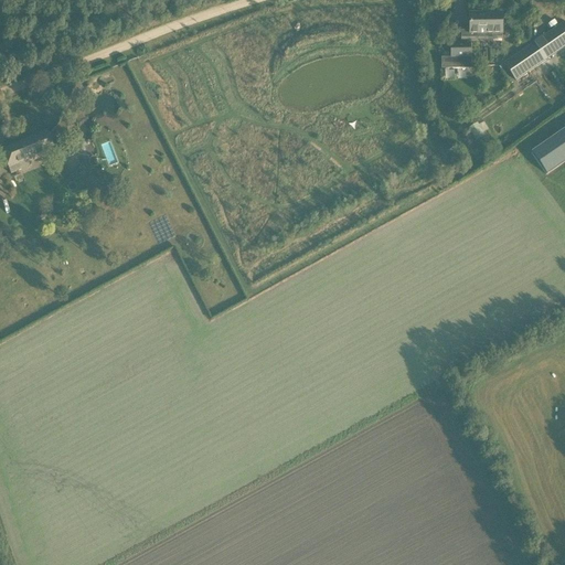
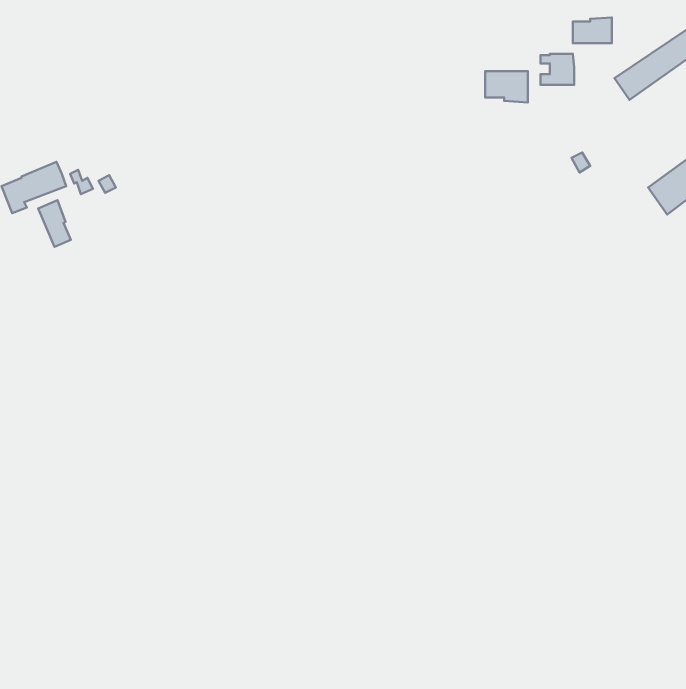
building: none -> [485,71,528,103]
building: none -> [38,200,71,247]

